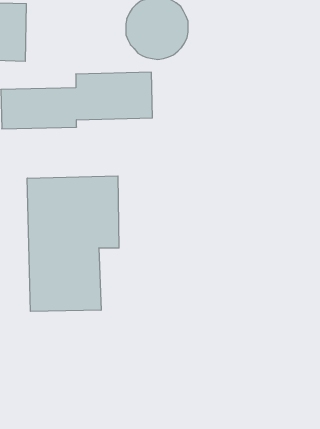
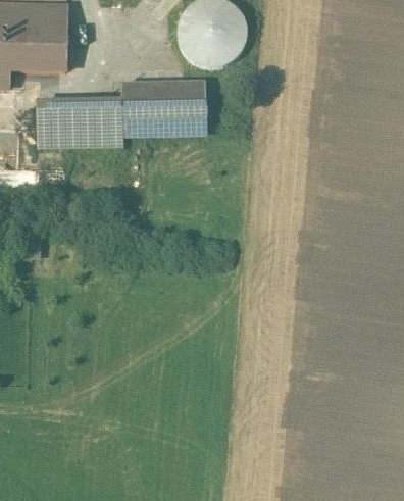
building: [27,176,119,311] -> none

